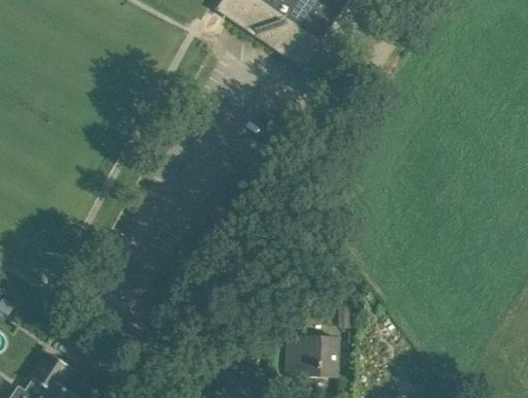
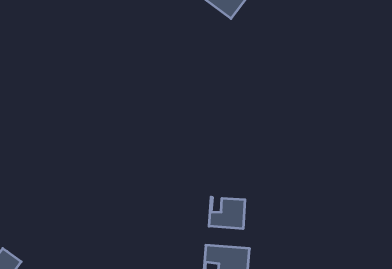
building: none -> [209,197,245,229]

